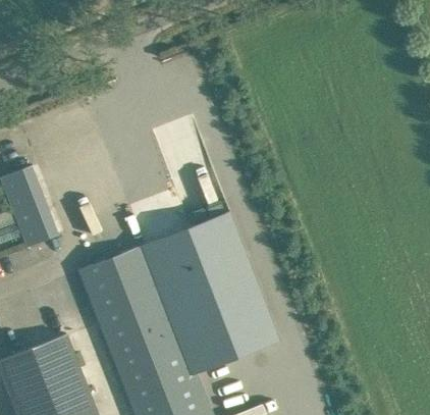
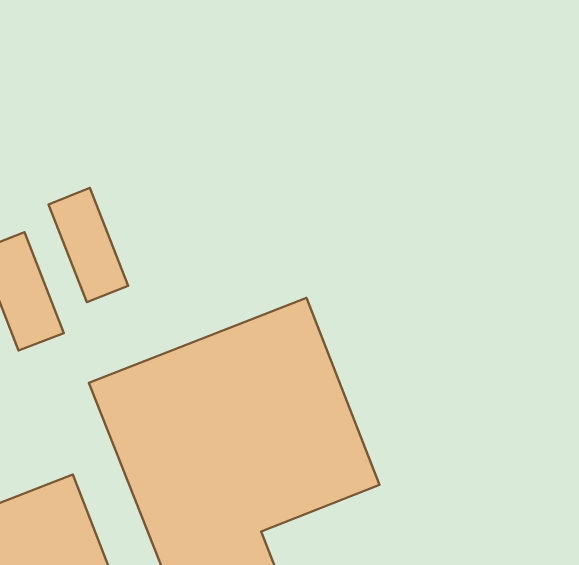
building: none -> [48,188,128,302]

